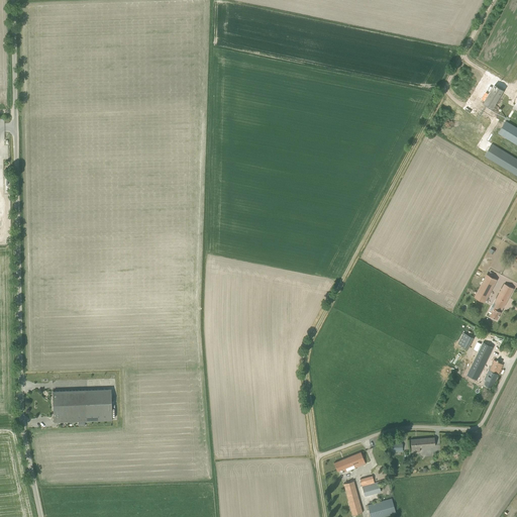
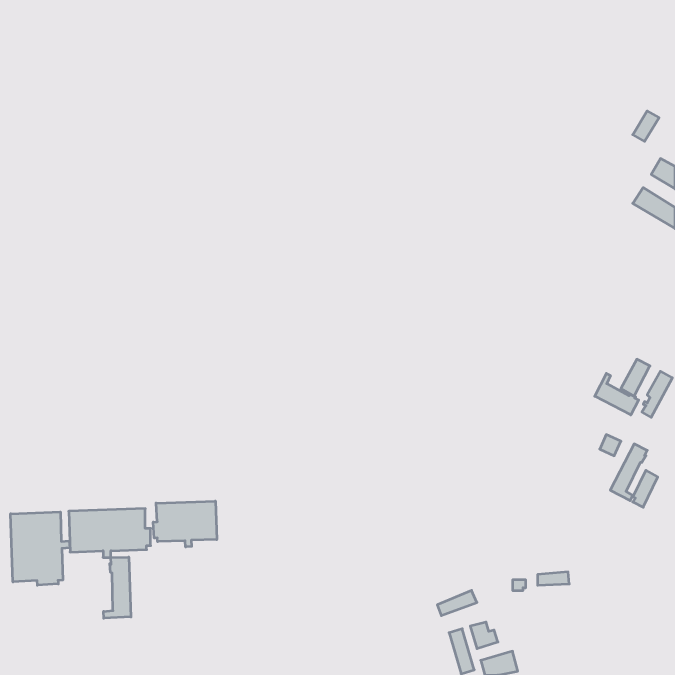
building: none -> [595,373,639,415]
building: none -> [153,501,217,547]
building: none -> [11,512,70,585]
building: none -> [104,557,131,618]

